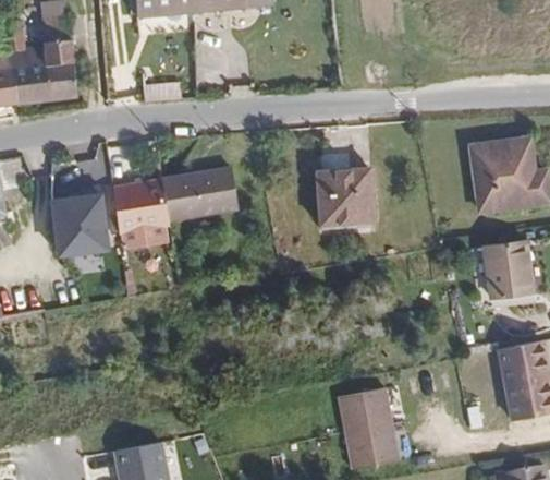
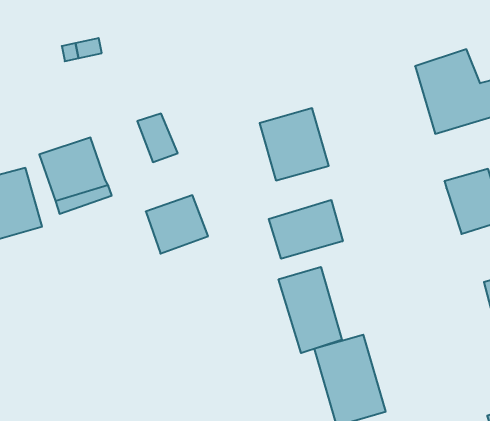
building: [160,163,215,213] -> [146,195,208,254]
building: none -> [269,200,343,259]
building: none -> [279,267,342,353]

